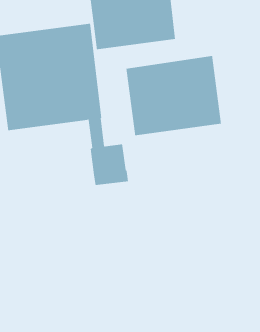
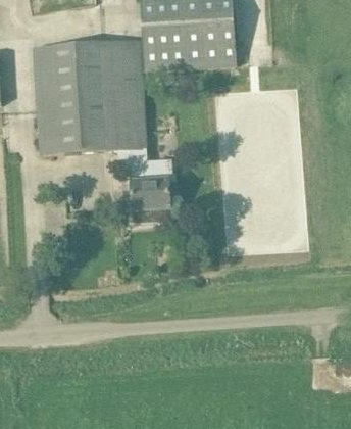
building: [126,55,222,136] -> none

